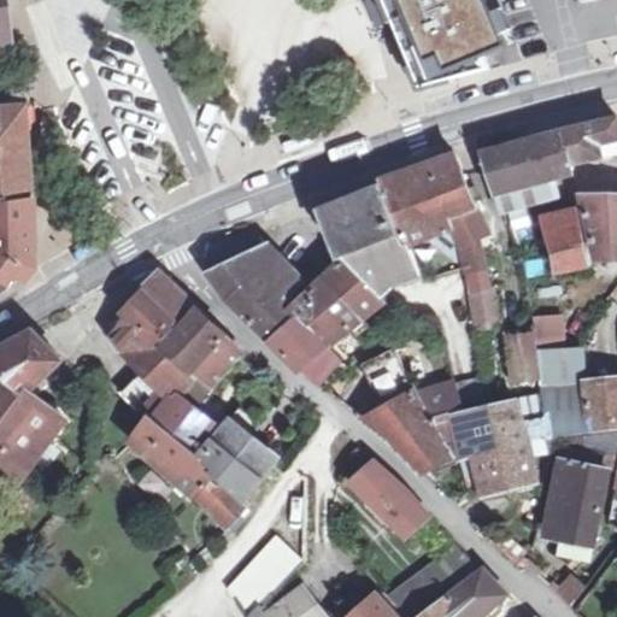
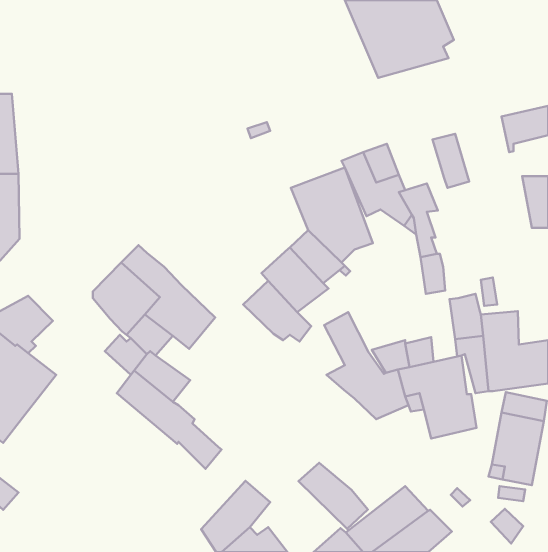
building: [507,130,568,202] -> none
building: [431,151,476,212] -> none
building: [542,210,587,269] -> none
building: [208,241,299,340] -> none
building: [199,406,274,499] -> none
building: [349,462,427,535] -> [299,463,368,529]

